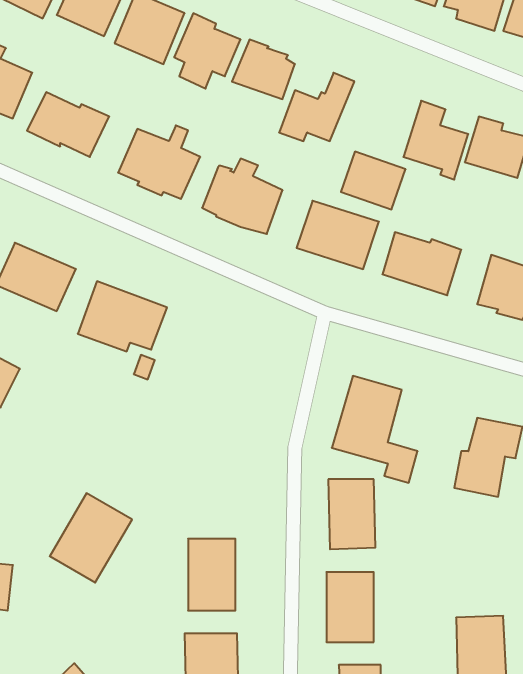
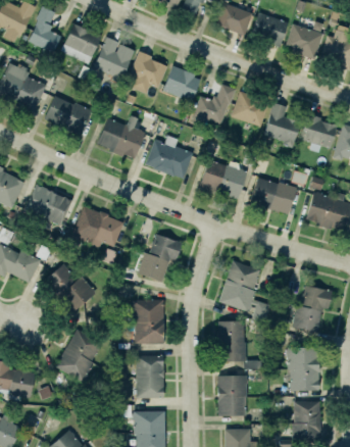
building: [341,152,406,209] -> [232,93,269,127]
building: none -> [137,234,181,283]
building: none -> [45,263,96,313]
building: none -> [127,300,162,342]
building: none -> [289,347,319,391]

